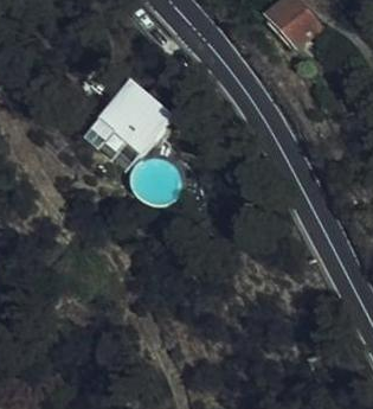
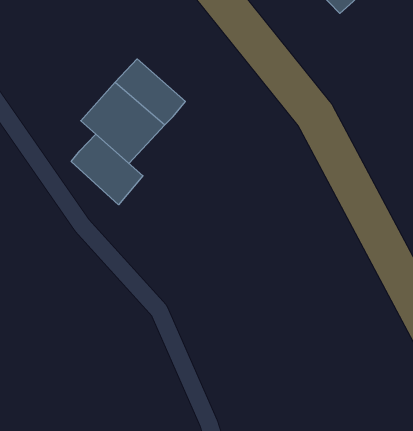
building: none -> [71,134,143,205]

